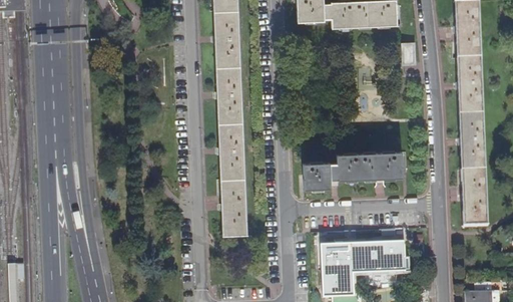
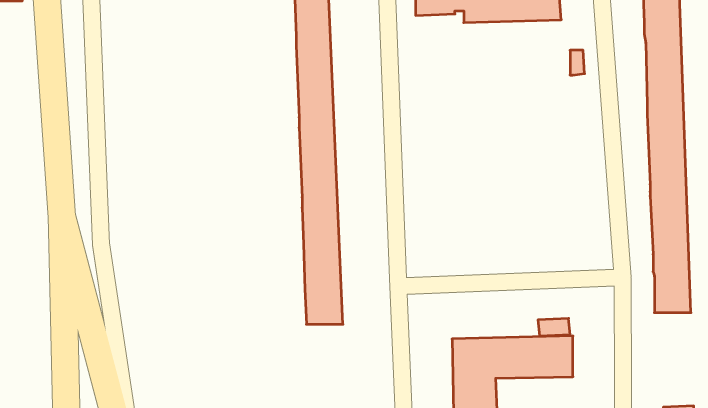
building: [304,150,403,189] -> none

